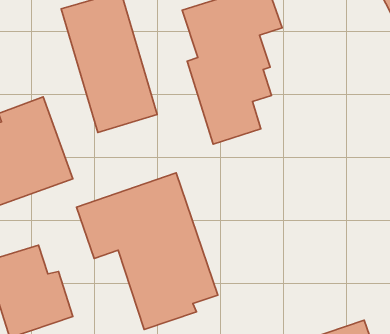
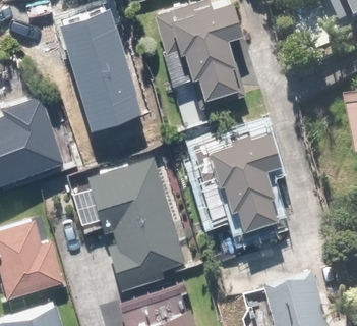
building: none -> [191,123,278,260]

